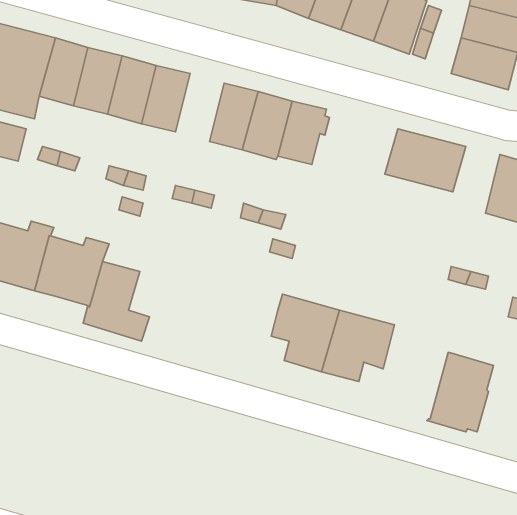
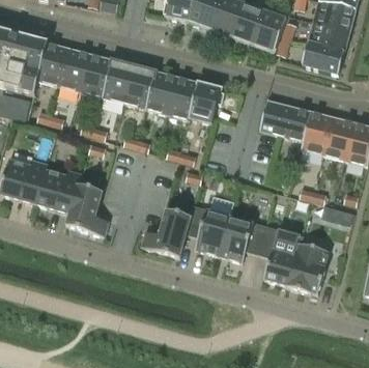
building: none -> [124,64,155,108]
building: none -> [300,111,332,153]
building: none -> [140,208,190,257]
building: none -> [257,225,302,285]

